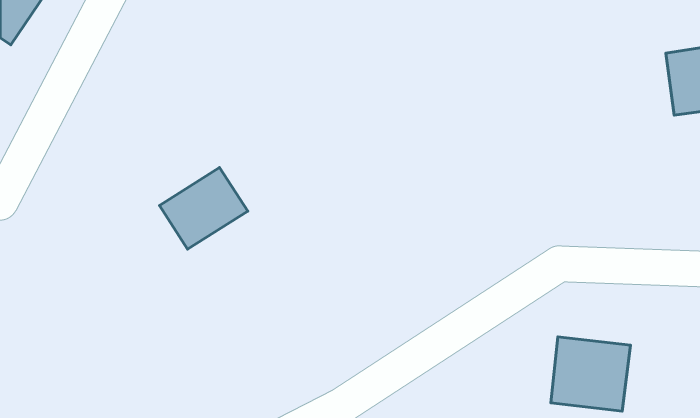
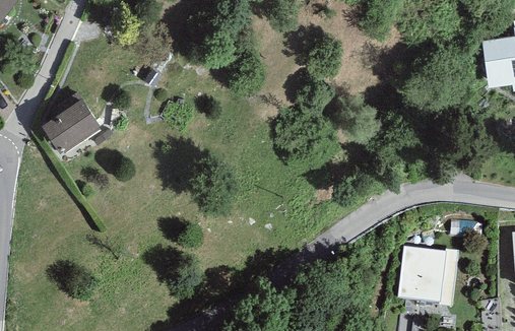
building: [159,168,248,249] -> [42,96,106,155]

